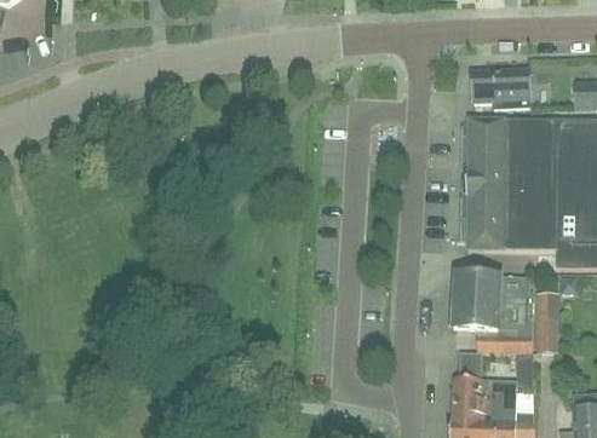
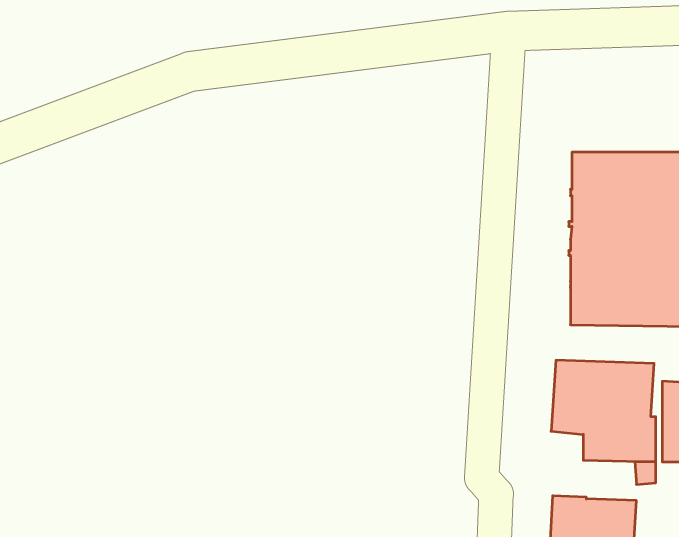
building: [471,67,529,105] -> none

